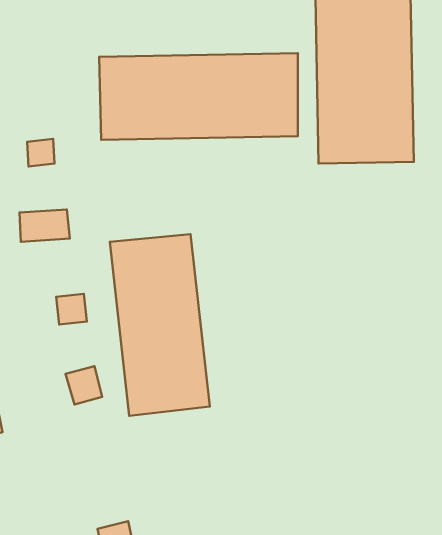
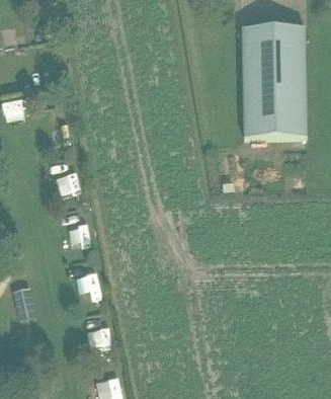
building: [99,53,298,140] -> none
building: [110,234,210,416] -> none

